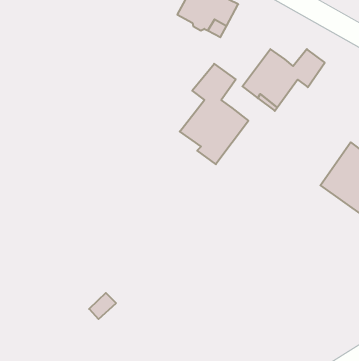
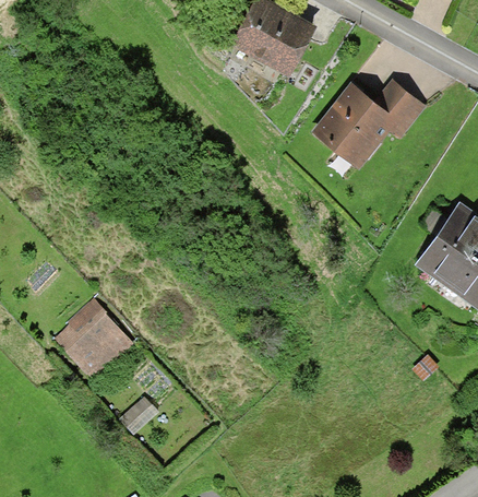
building: [180,64,248,164] -> none
building: none -> [57,303,131,378]

